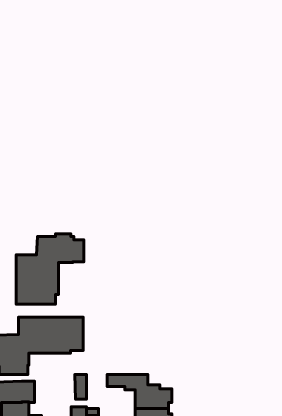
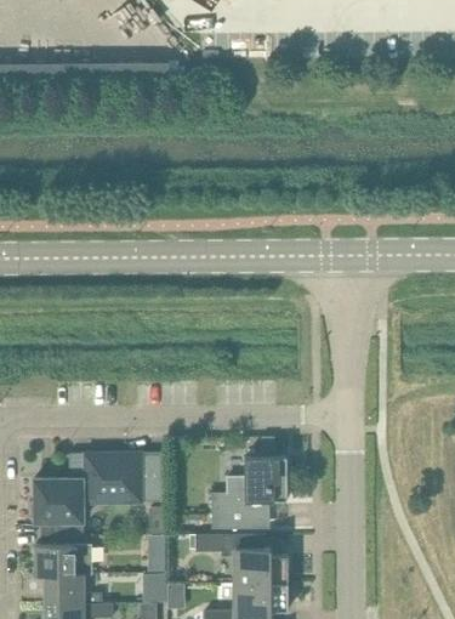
building: [16,234,84,304] -> none
building: none -> [211,437,288,529]

